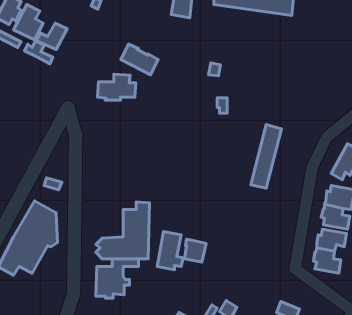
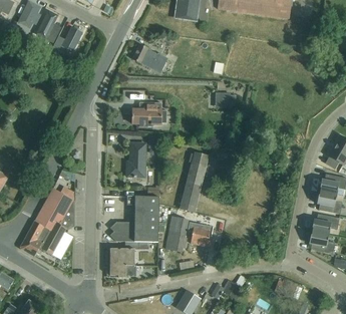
building: [97,74,136,100] -> [131,101,166,125]
building: [251,125,281,188] -> [180,152,208,211]
building: none -> [126,142,145,177]

